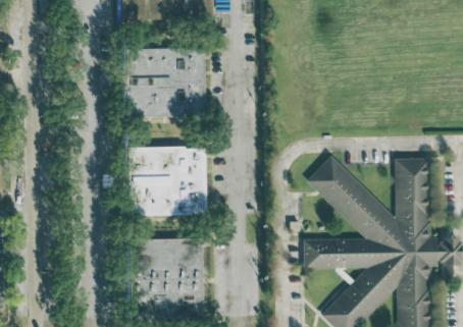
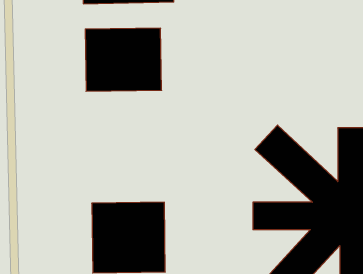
building: [126,147,208,216] -> none

